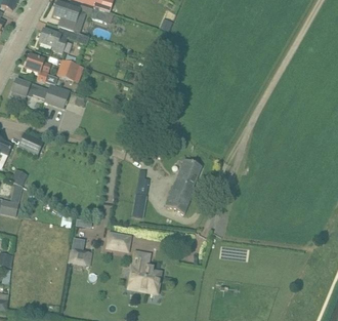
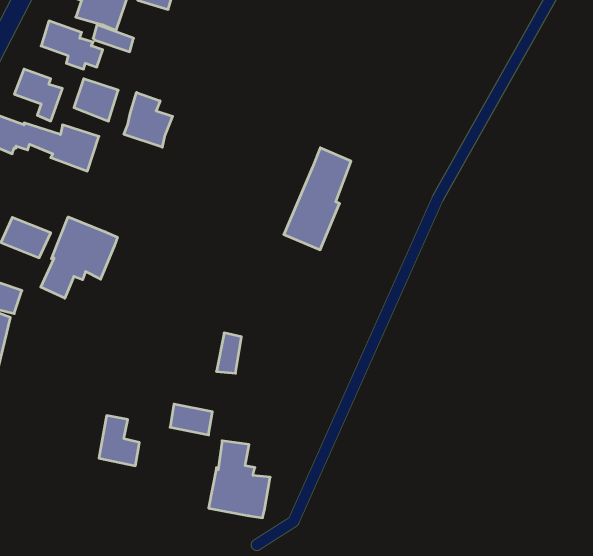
building: none -> [124,92,173,147]
building: none -> [41,217,117,298]
building: [165,157,201,211] -> [284,148,351,250]

